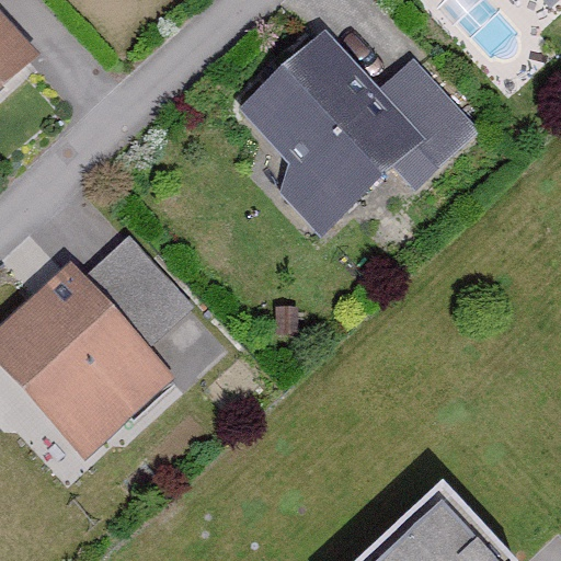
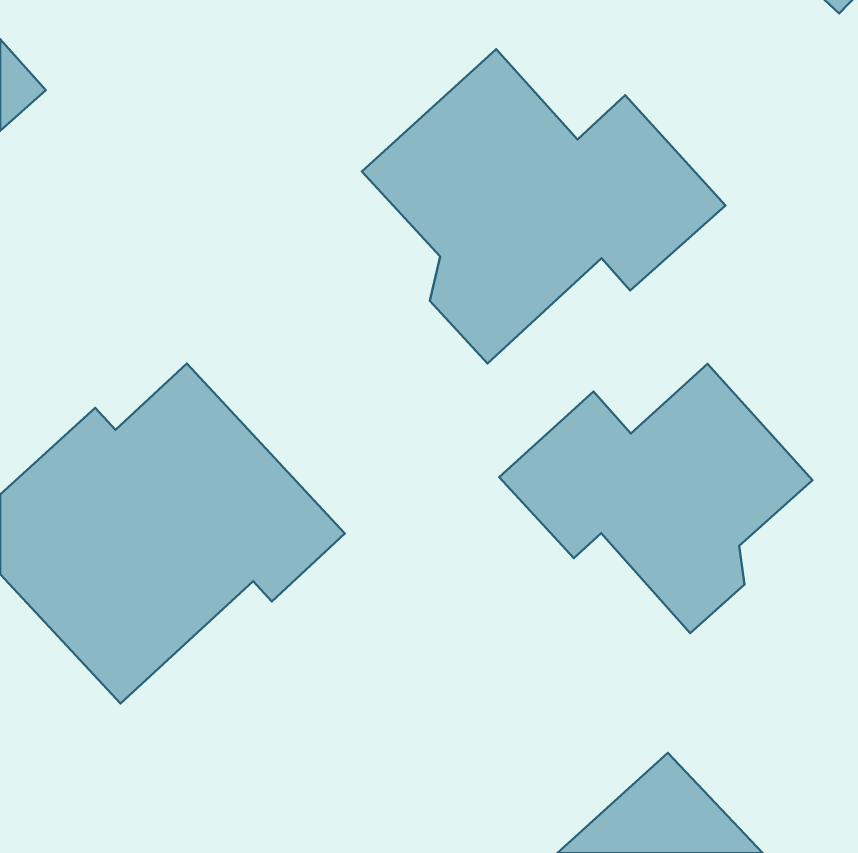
building: none -> [499,364,813,633]

